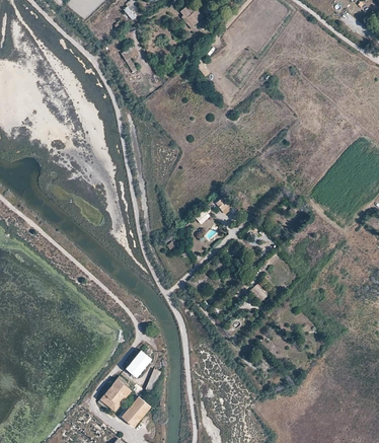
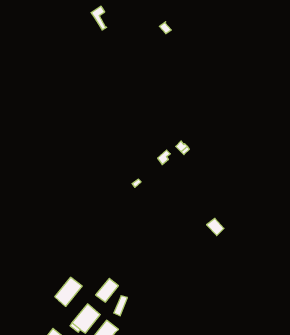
building: none -> [55,277,82,306]

